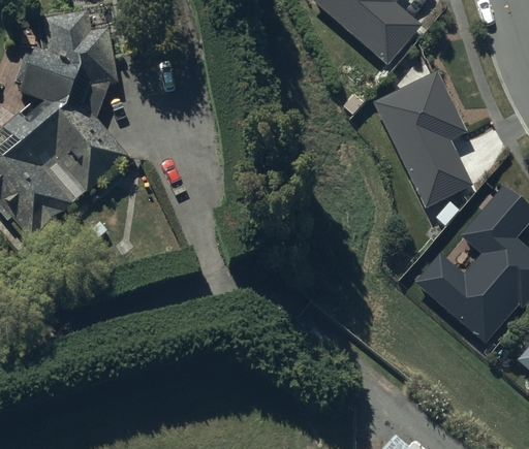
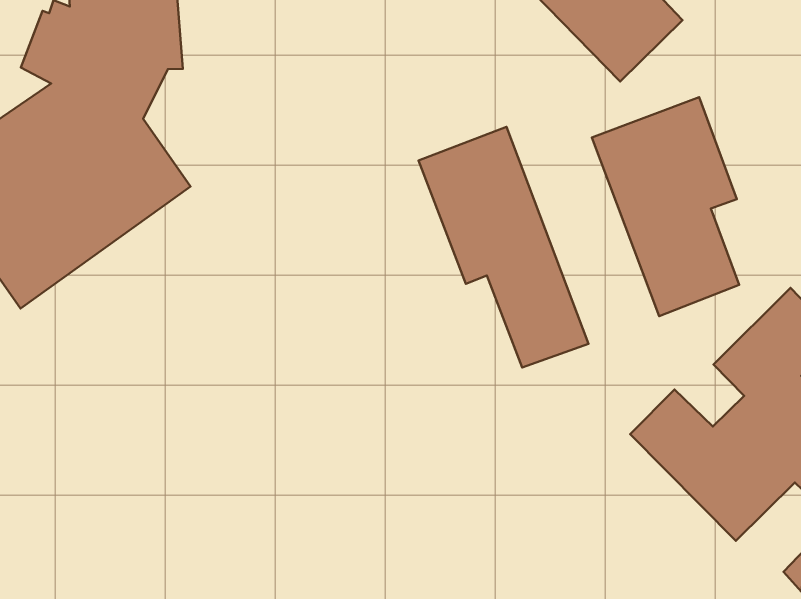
building: none -> [418,127,589,368]

